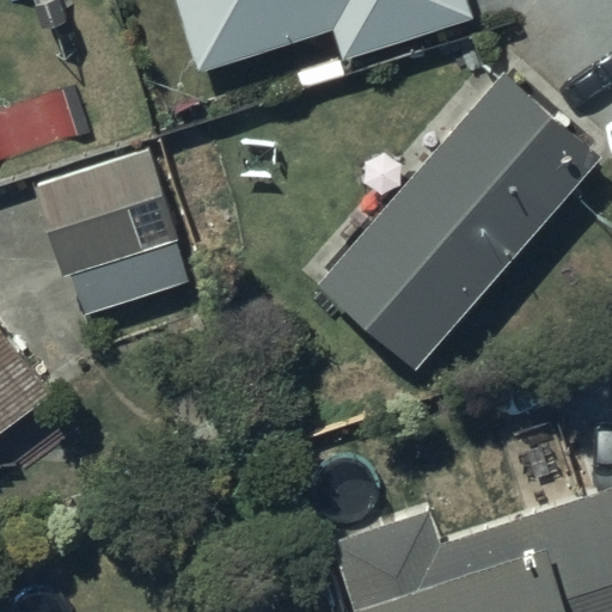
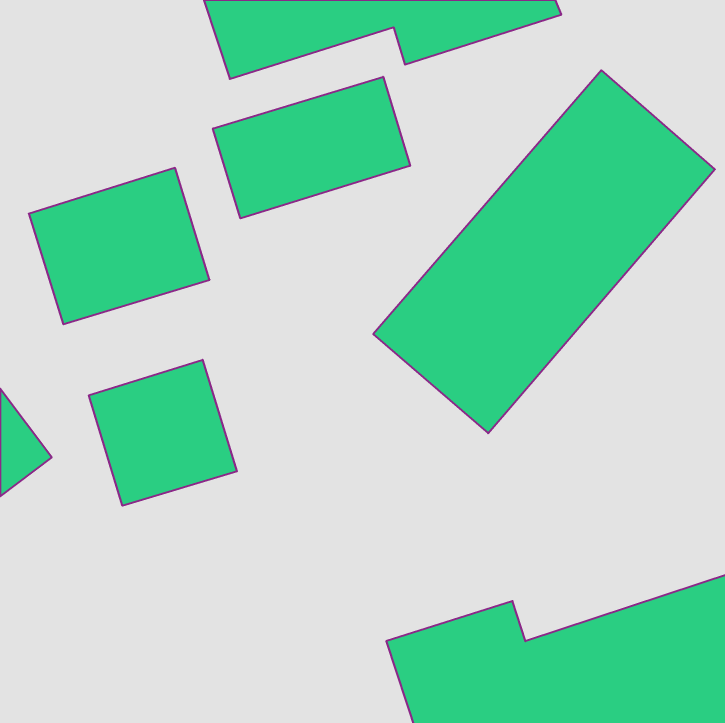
building: none -> [213,77,410,218]
building: none -> [89,360,237,506]

